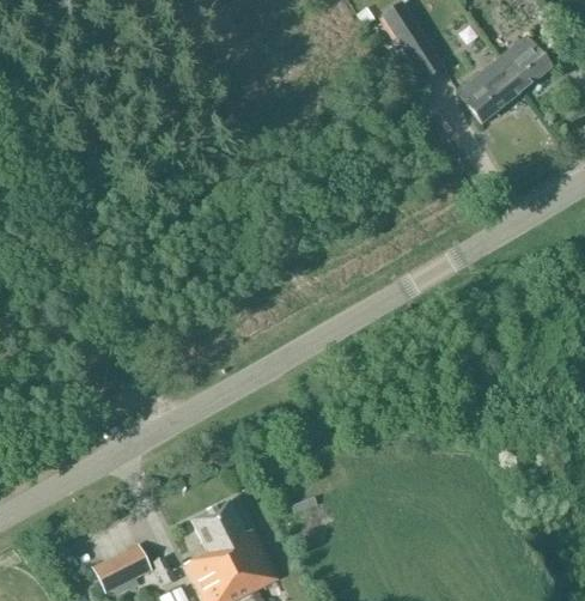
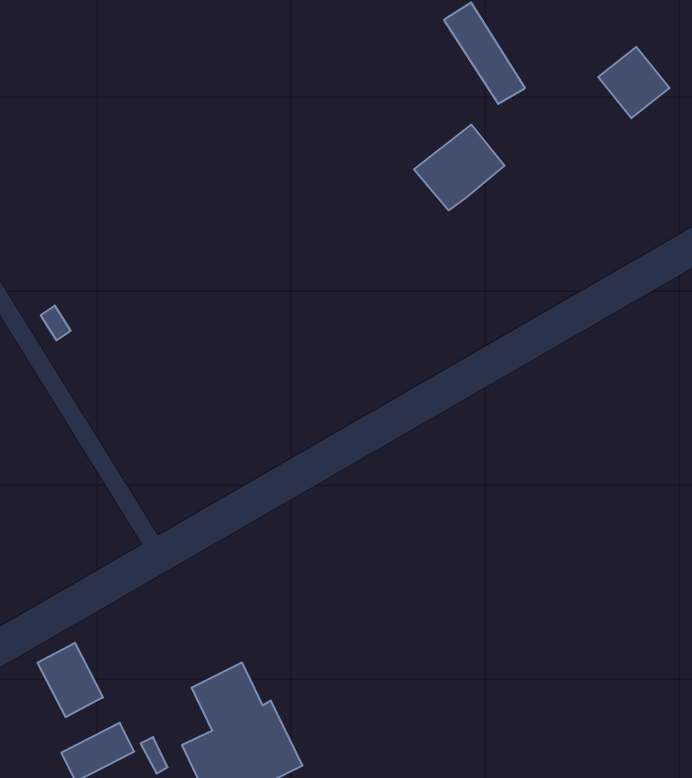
building: [456,59,524,123] -> [414,125,505,210]
building: none -> [38,643,103,717]

